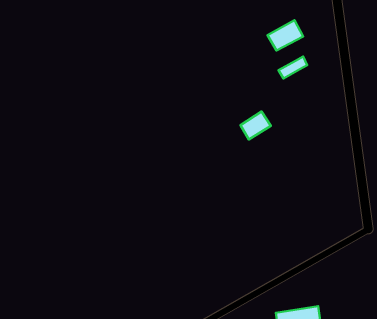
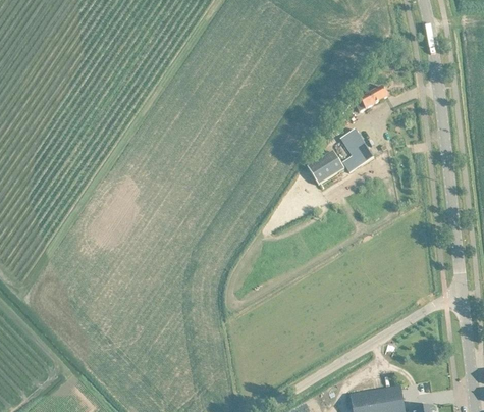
building: [267,20,303,51] -> none
building: none -> [341,127,374,170]

